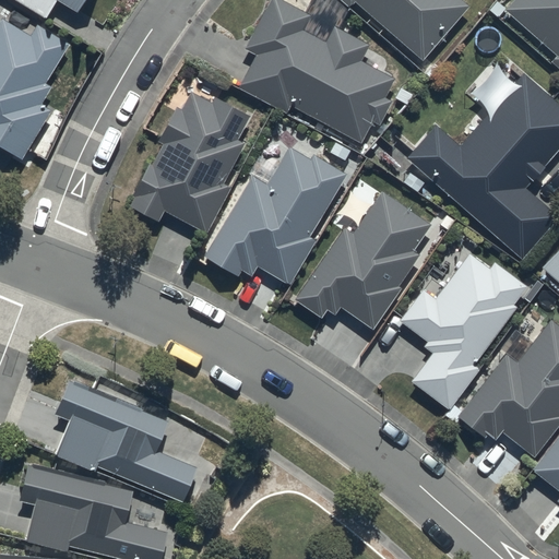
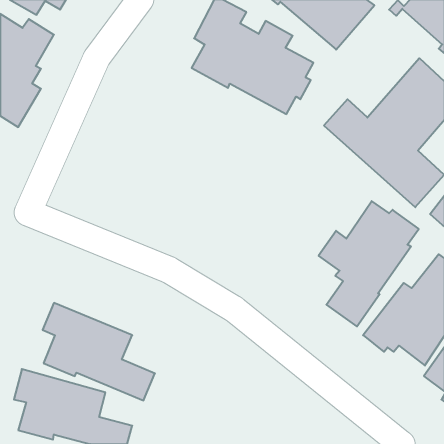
building: [130,92,250,231] -> none
building: [204,145,346,286] -> none
building: [294,191,431,329] -> none

